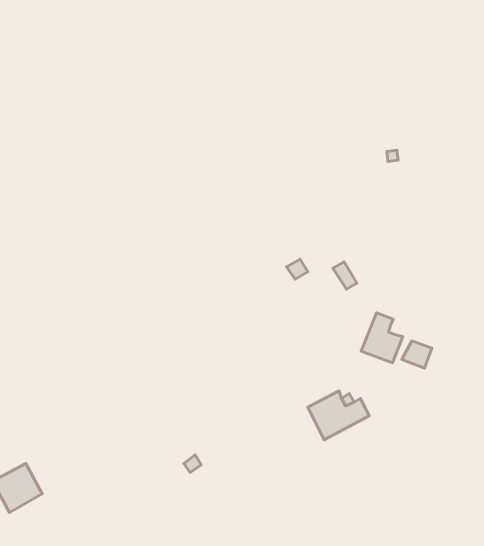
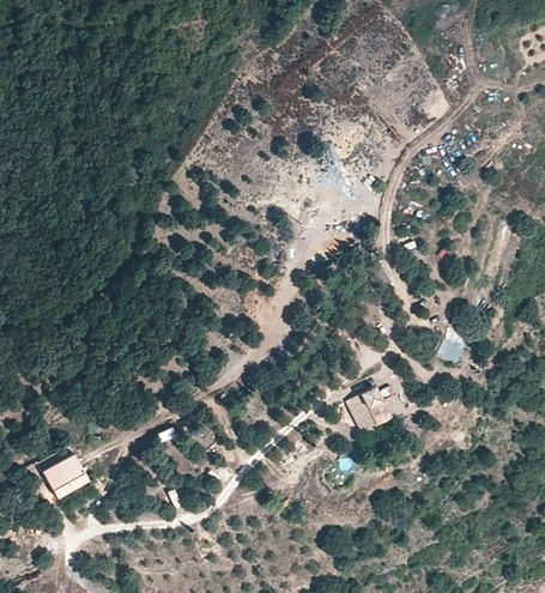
building: [361,313,403,363] -> none

